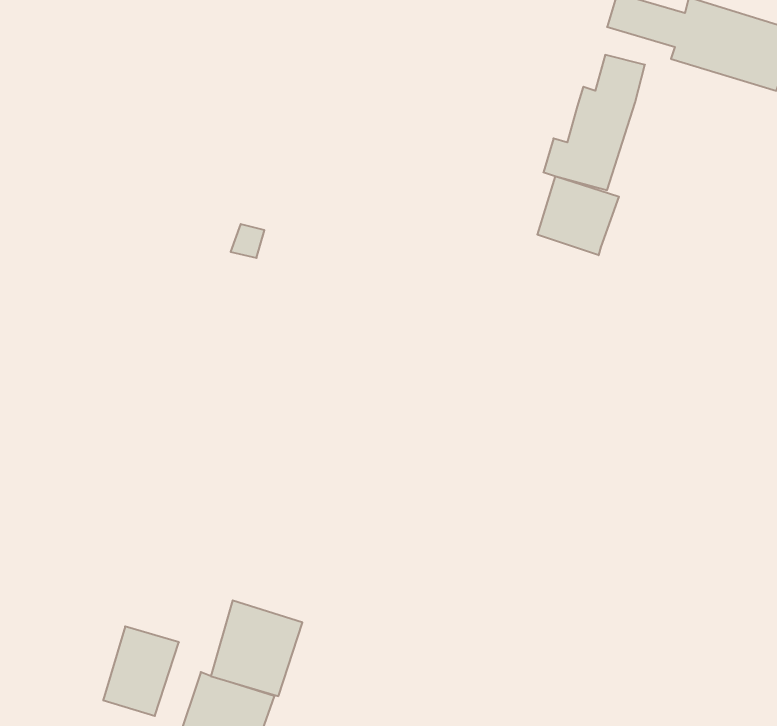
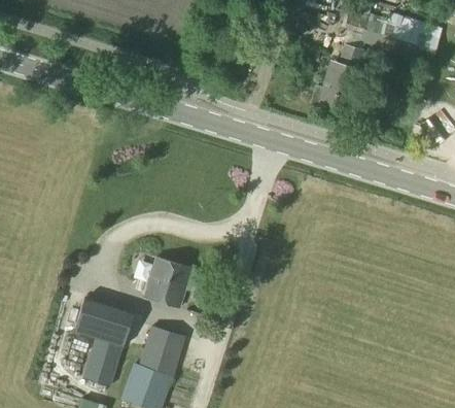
building: [537,176,619,255] -> none
building: none -> [144,257,197,308]
building: none -> [74,297,133,347]

